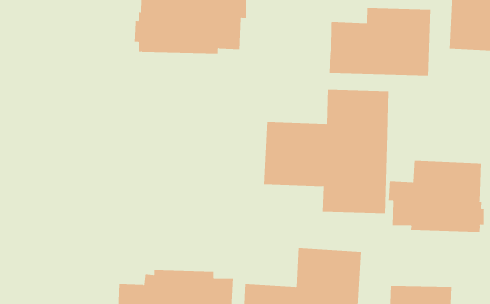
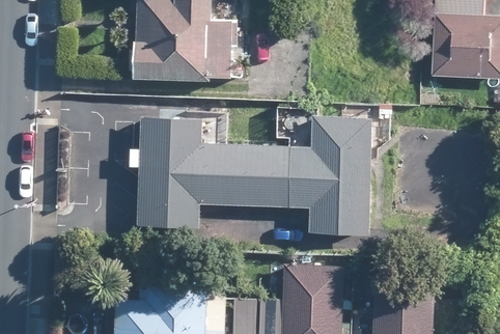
building: [329,7,431,77] -> none
building: none -> [136,117,255,228]
building: [388,160,484,233] -> none

